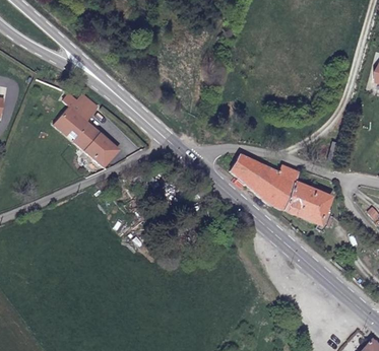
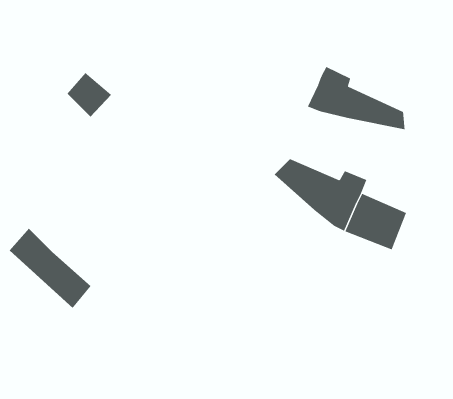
building: none -> [307,66,405,130]
building: [55,106,118,167] -> [9,228,91,309]

